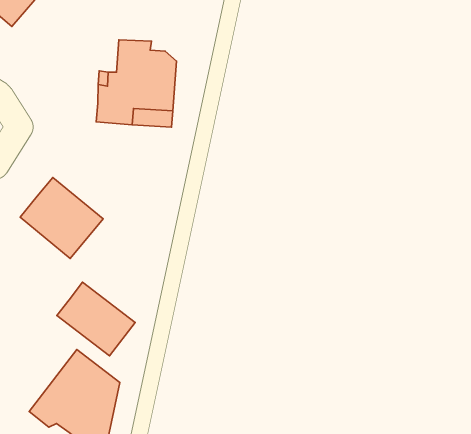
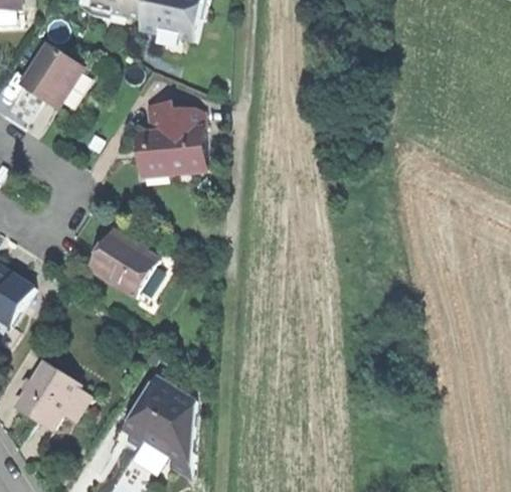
building: [57,282,135,356] -> none

